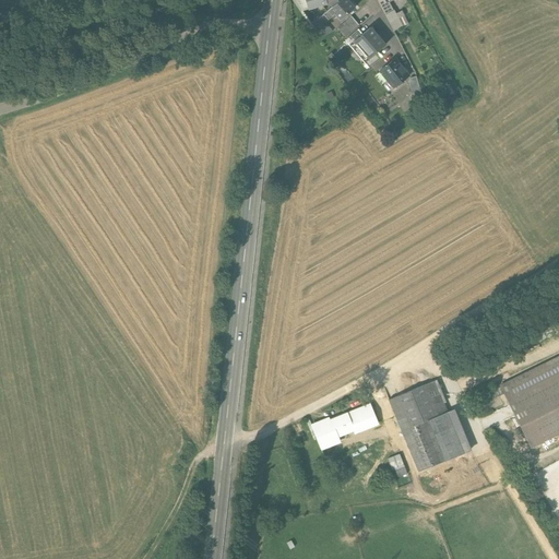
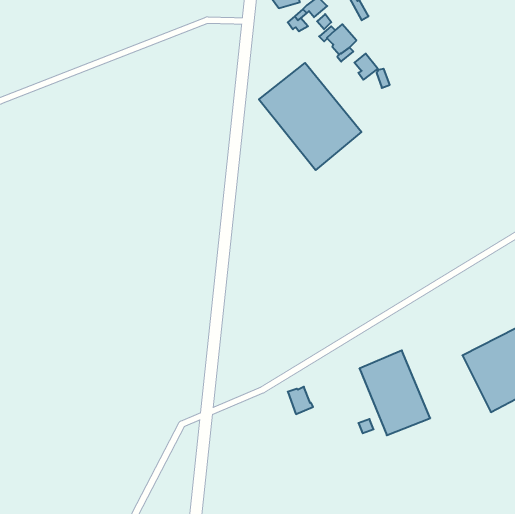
building: none -> [259,63,361,170]
building: [330,403,379,436] -> none

